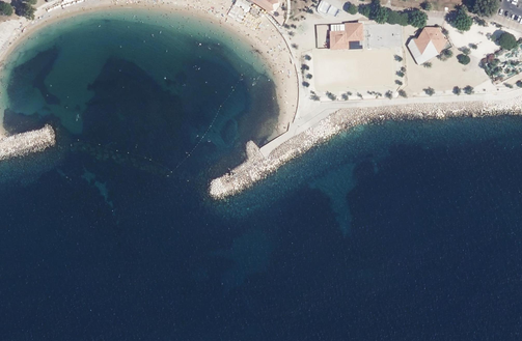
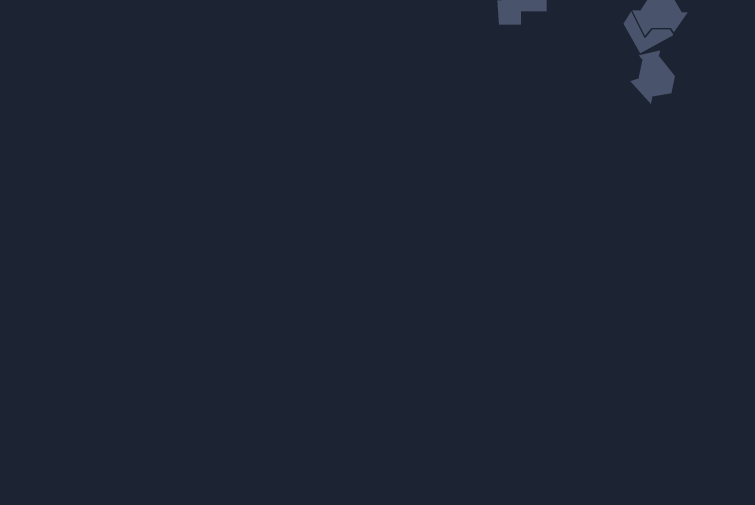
building: none -> [629,49,675,105]

